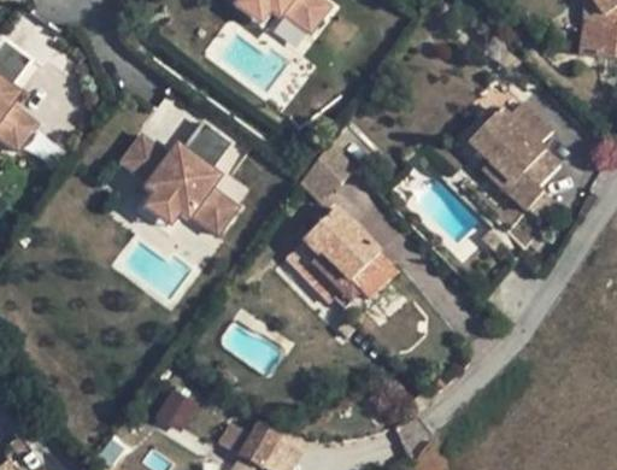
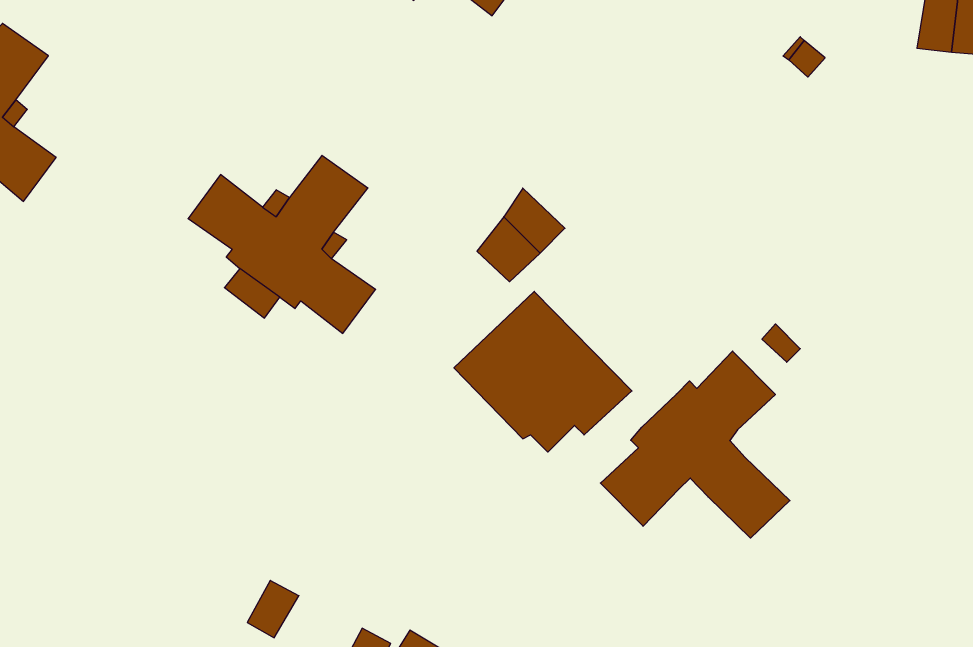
building: [469,101,560,223] -> none
building: none -> [600,351,790,538]

